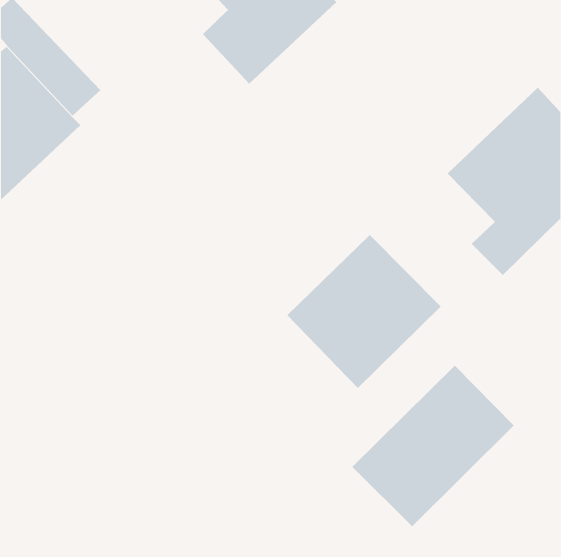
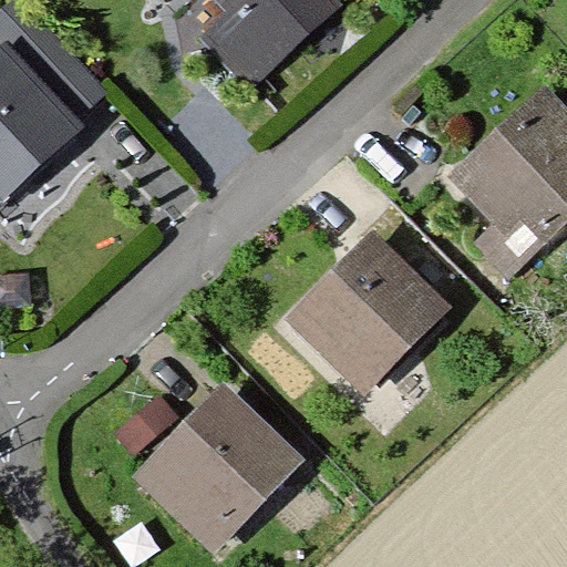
building: [351,365,515,527] -> none
building: none -> [134,386,298,550]

